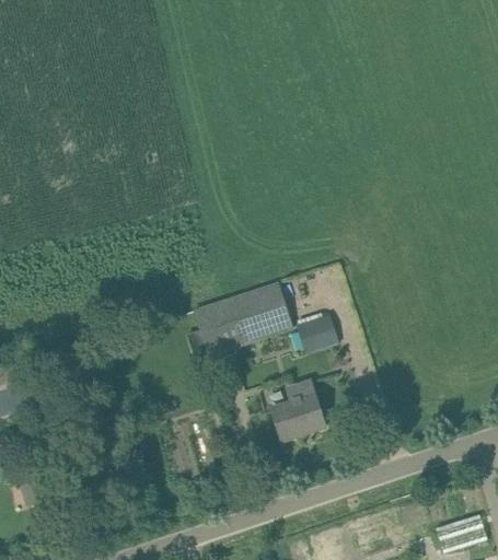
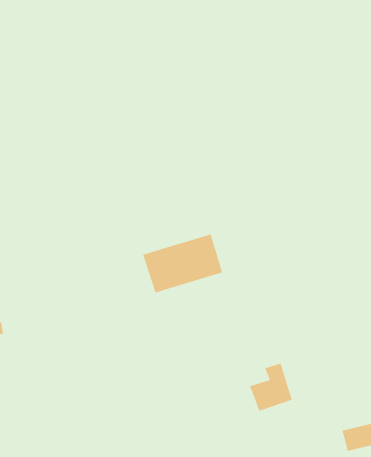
building: [298,308,341,351] -> none
building: [268,380,322,440] -> [249,362,293,412]

